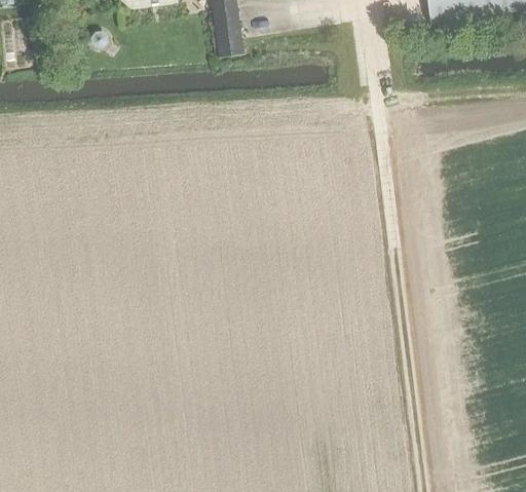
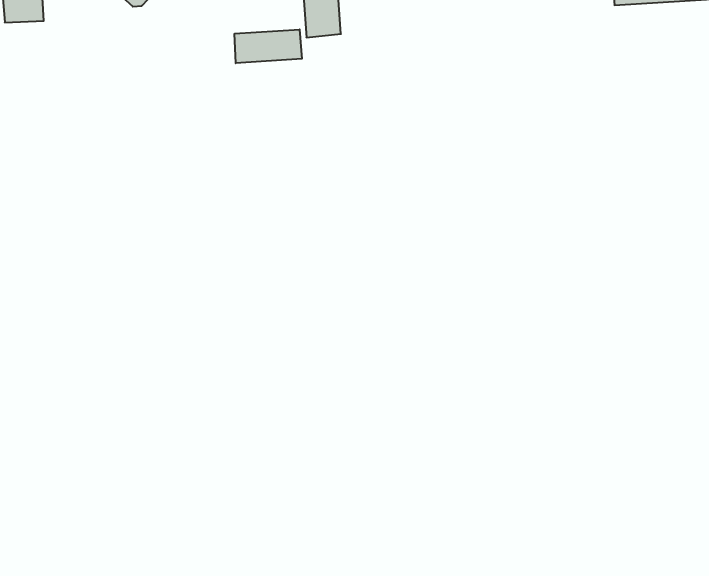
building: none -> [235,29,302,63]

